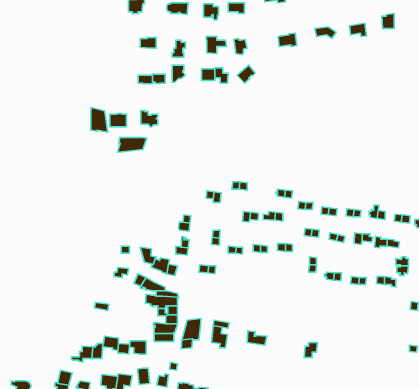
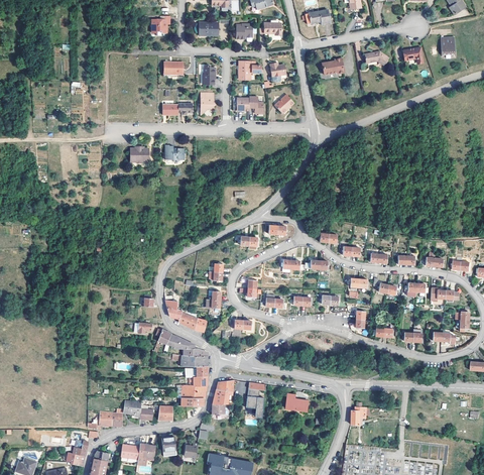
building: [91,108,108,132] -> none
building: [118,138,147,152] -> none

